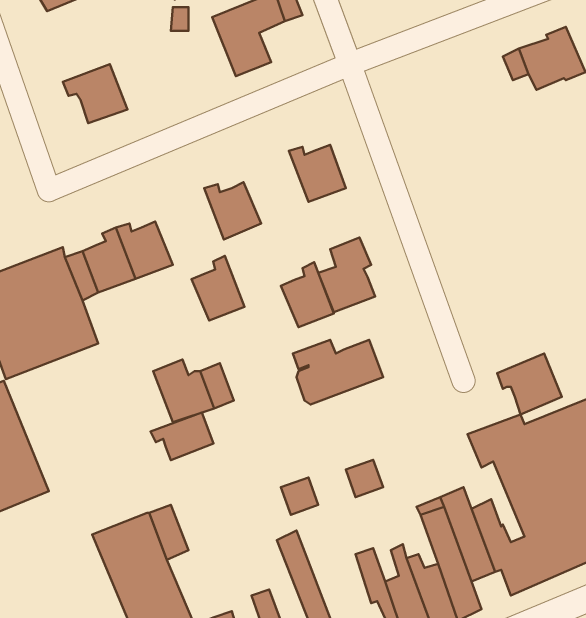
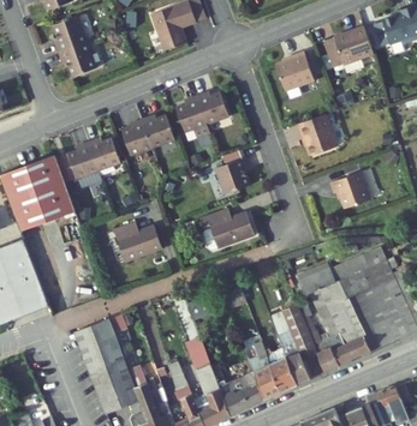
building: none -> [52,18,85,55]
building: none -> [278,47,317,88]
building: none -> [294,115,335,157]
building: [192,256,245,321] -> [123,120,155,160]
building: [281,262,334,327] -> [174,97,207,137]
building: [497,353,562,414] -> [330,170,370,208]
building: [151,413,214,460] -> none

